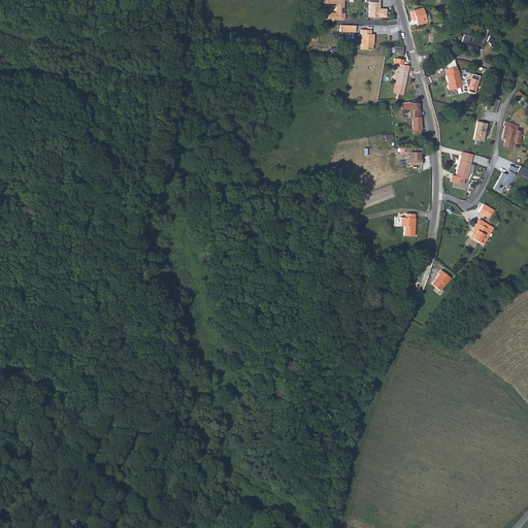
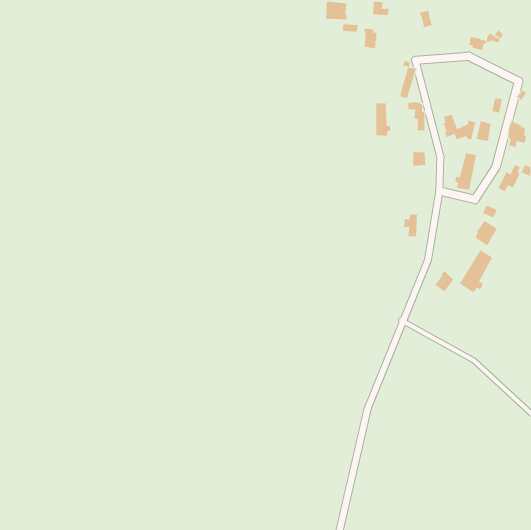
building: [447,67,480,93] -> [443,114,476,140]
building: none -> [376,102,391,136]
building: none -> [459,249,493,293]

